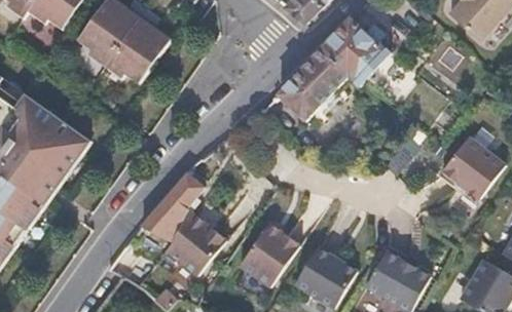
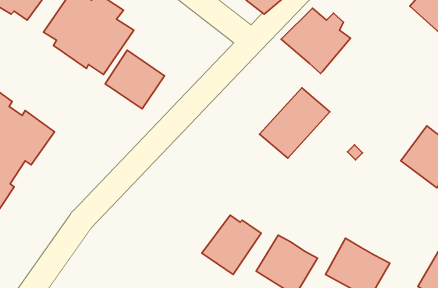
building: [278,46,350,118] -> [260,88,330,158]
building: none -> [105,50,165,109]
building: [141,171,227,275] -> none

